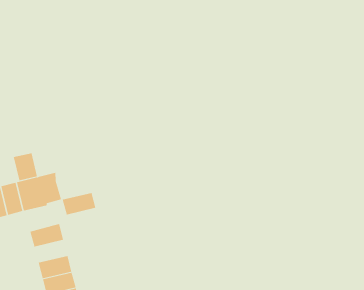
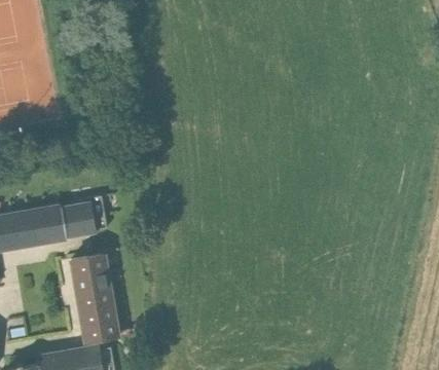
building: [13,152,38,181] -> none
building: [62,192,96,215] -> [73,270,108,292]

